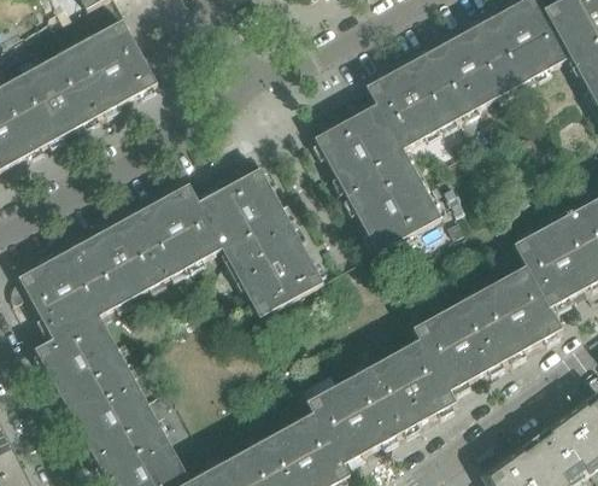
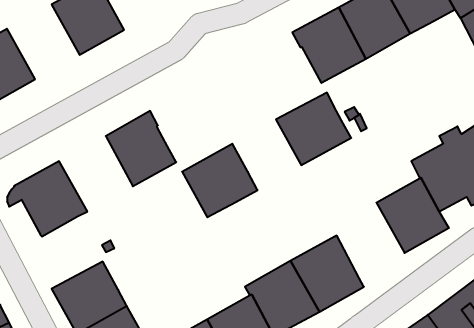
building: [11,49,101,142] -> none
building: [315,103,410,193] -> none
building: [198,166,292,258] -> none
building: [76,213,168,308] -> none
building: [414,297,506,391] -> none
building: [36,314,130,404] -> none

